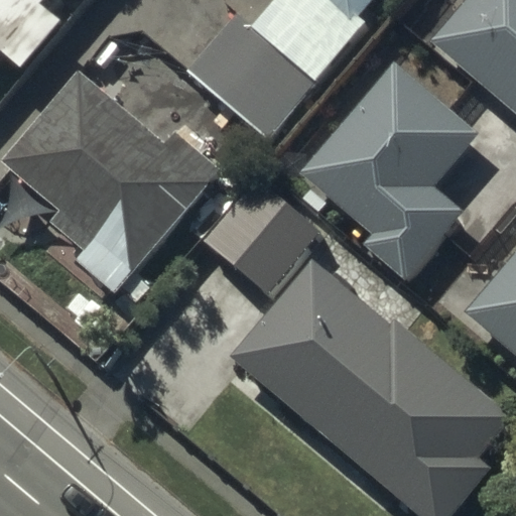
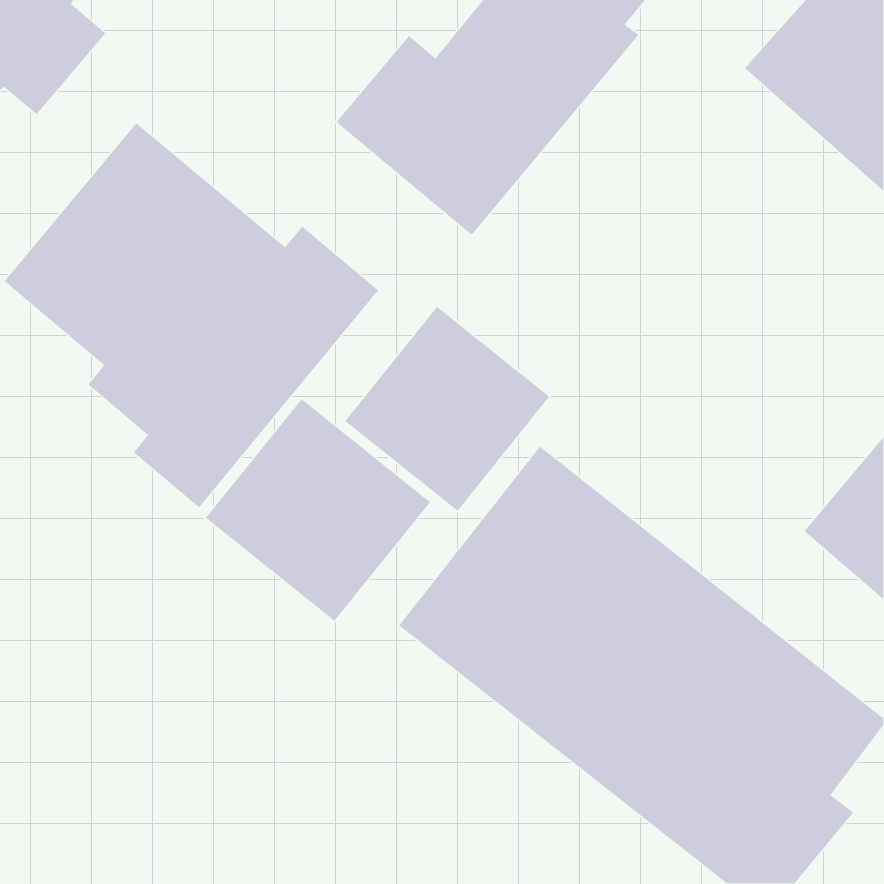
building: [300,67,475,280] -> none
building: none -> [205,398,431,622]

